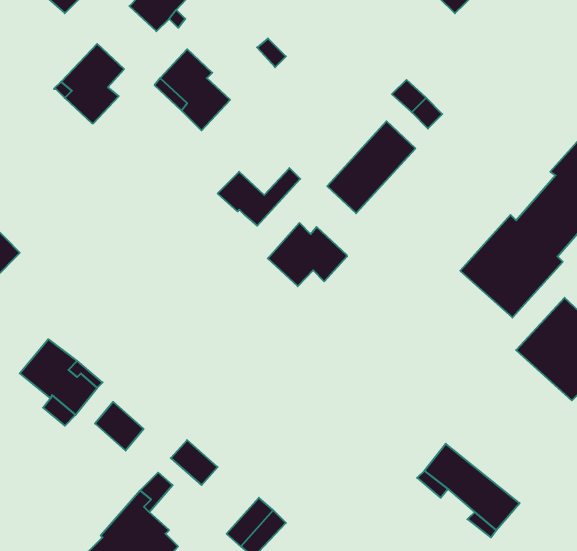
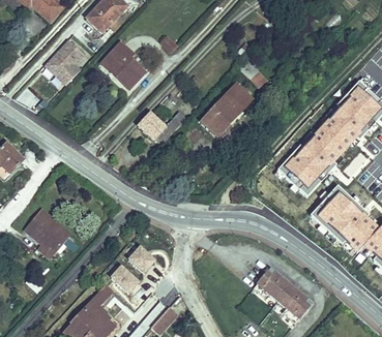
building: [268,223,347,286] -> none
building: [95,402,144,451] -> [126,245,154,273]

